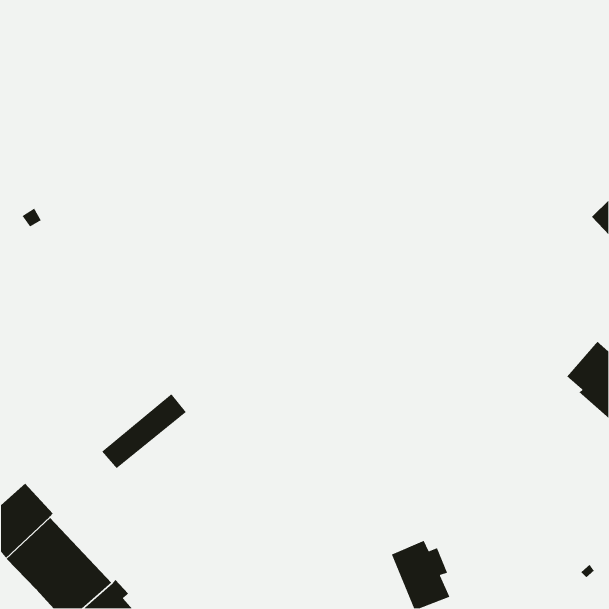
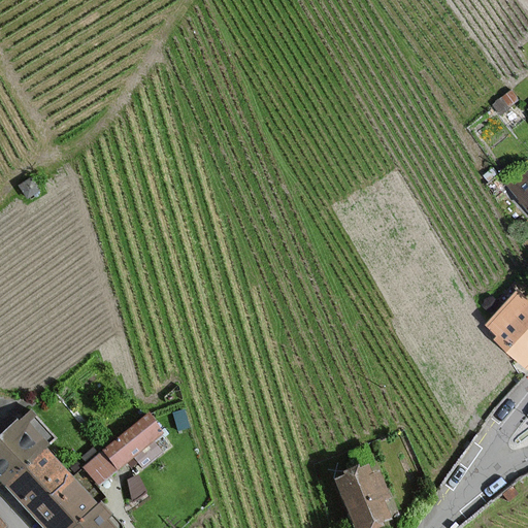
building: [101,393,187,469] -> [87,417,161,483]

